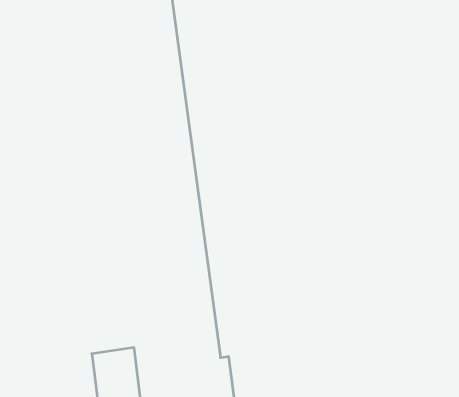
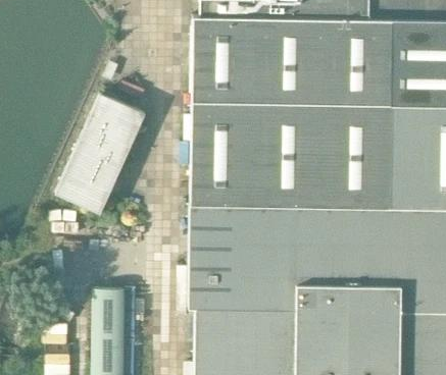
building: none -> [56,94,145,214]

